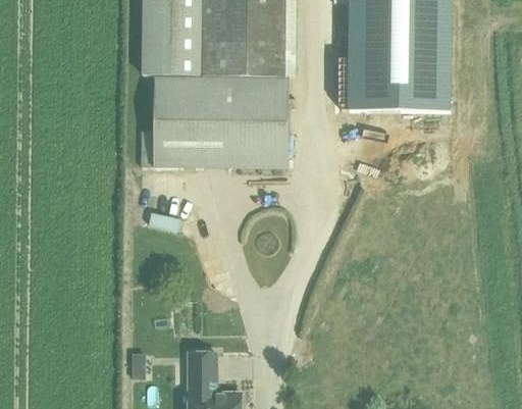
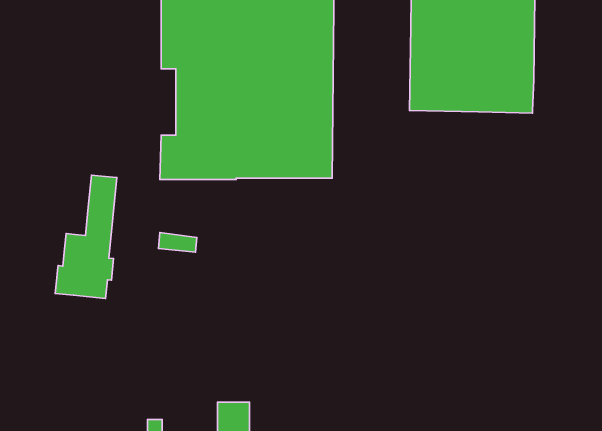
building: none -> [55,175,117,298]

